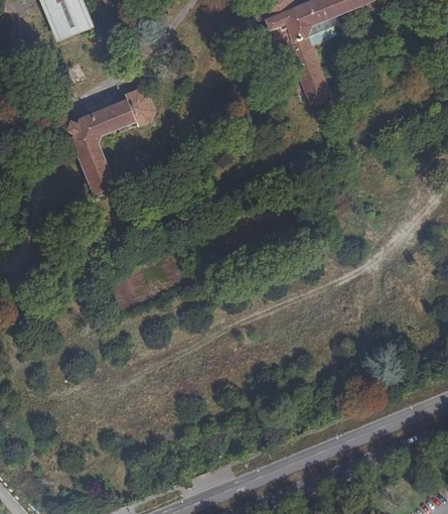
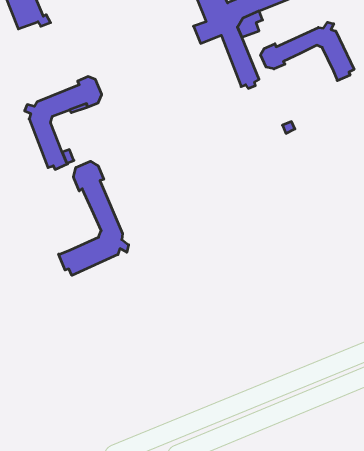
building: none -> [261,22,354,81]
building: none -> [59,161,129,275]

